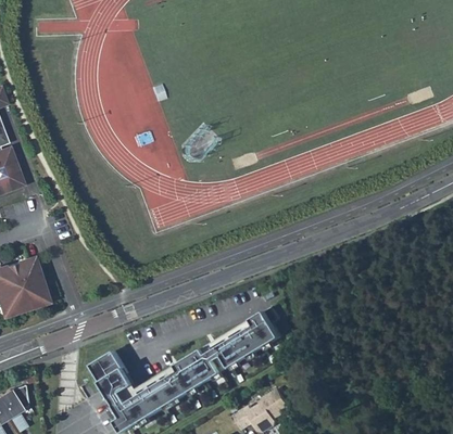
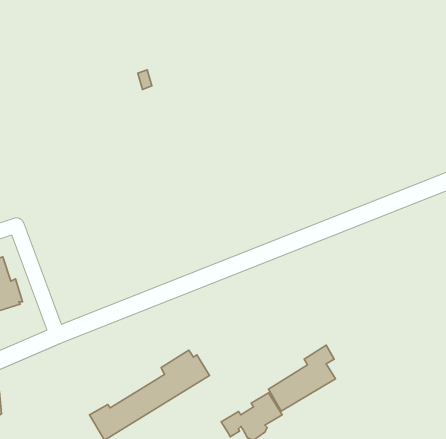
building: [218,304,281,366] -> [268,345,335,411]
building: [91,348,135,397] -> none

